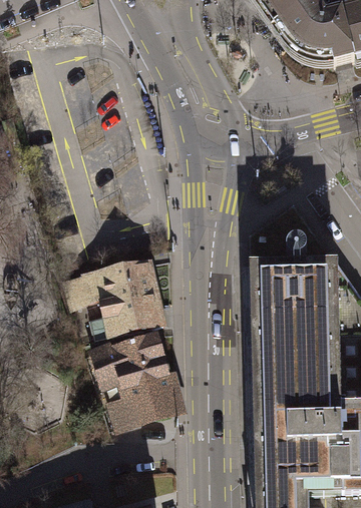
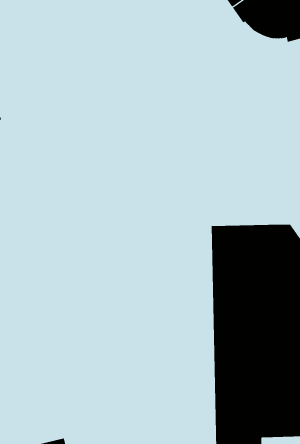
building: [66,260,166,339] -> none
building: [93,331,179,424] -> none

